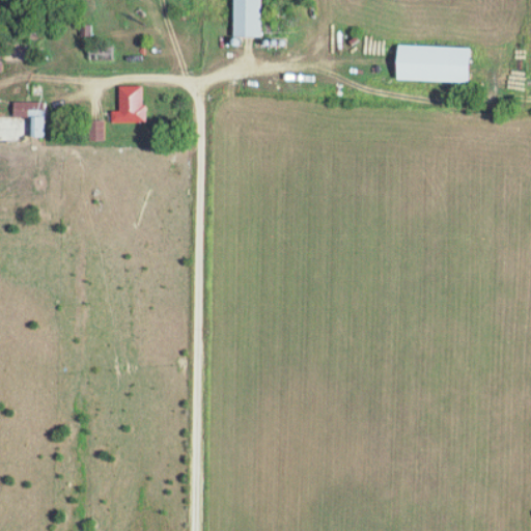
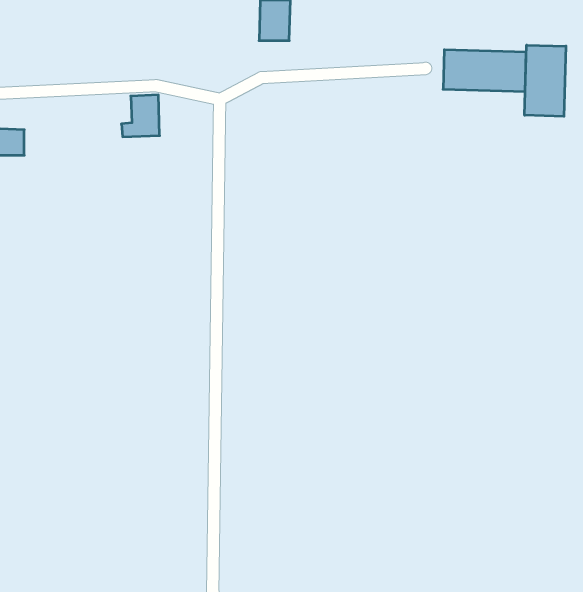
building: none -> [525,45,566,116]
building: [11,102,43,137] -> none

